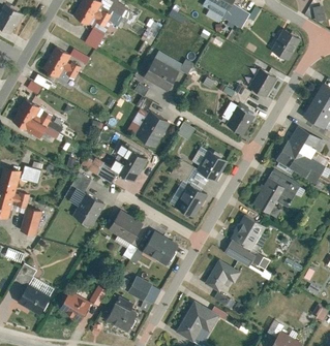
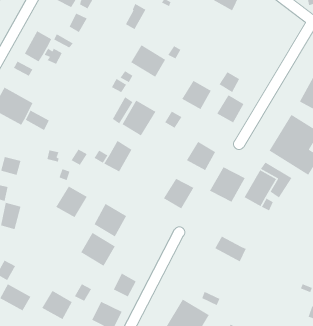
building: [272,30,300,59] -> none
building: [248,68,277,97] -> [181,80,212,110]
building: [230,216,265,251] -> [209,166,246,203]
building: [144,231,178,264] -> [80,232,116,267]
building: [205,259,241,291] -> none

